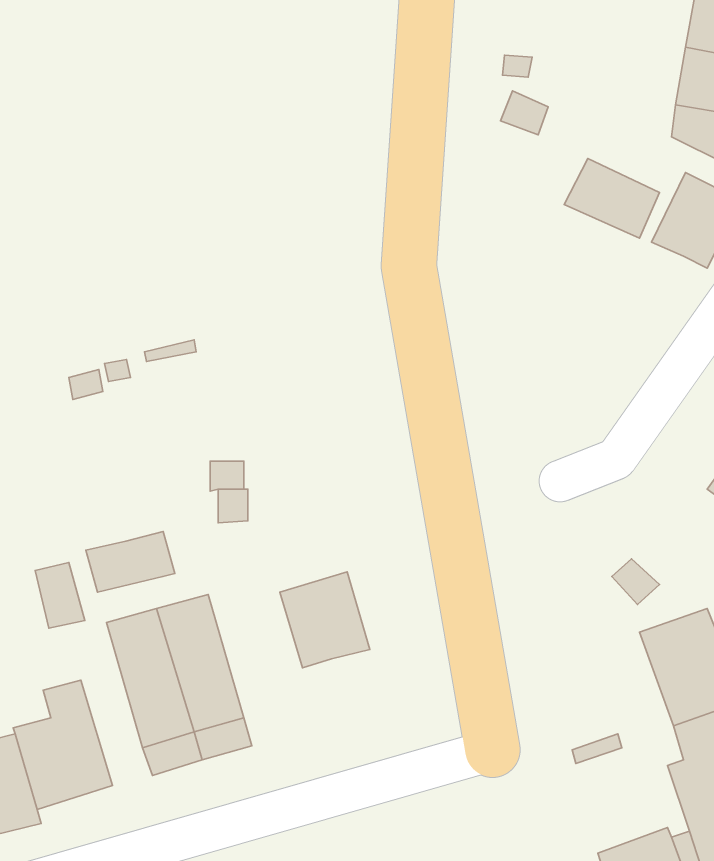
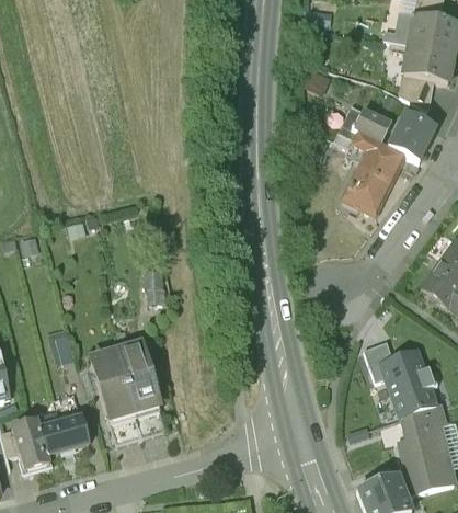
building: none -> [334,127,404,215]
building: [86,532,175,592] -> none
building: [280,572,370,668] -> none

